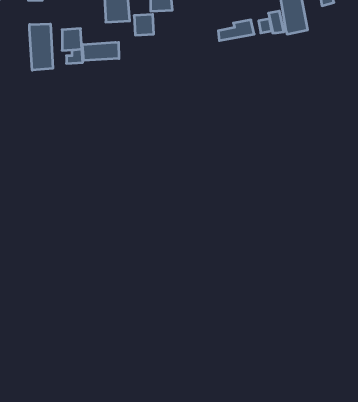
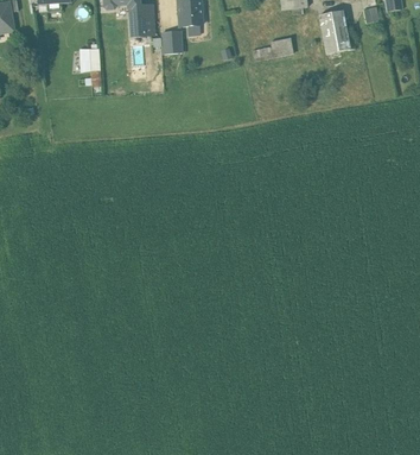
building: [29,24,53,70] -> none
building: [83,42,119,60] -> none

